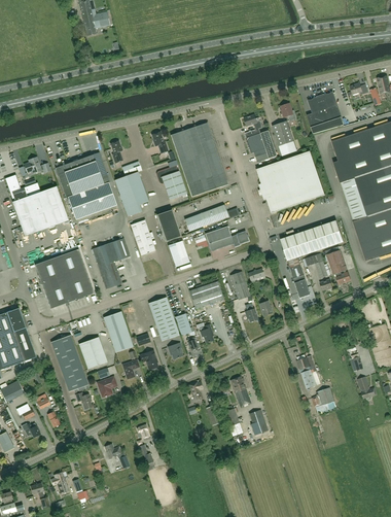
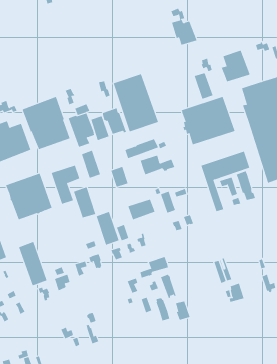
building: [244,114,278,163] -> [170,8,197,46]
building: [157,209,181,241] -> [91,115,109,141]
building: [104,311,133,351] -> [73,187,96,218]
building: [79,337,107,369] -> none
building: none -> [140,256,169,278]

